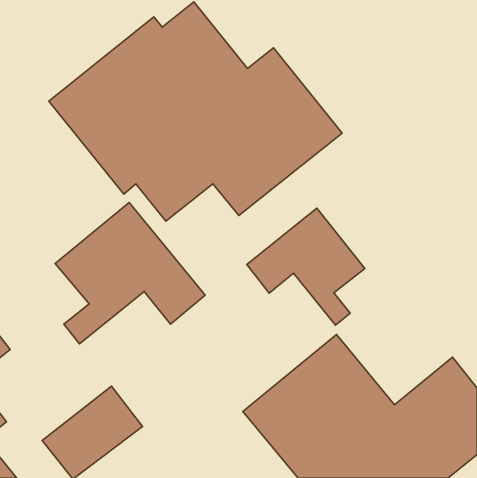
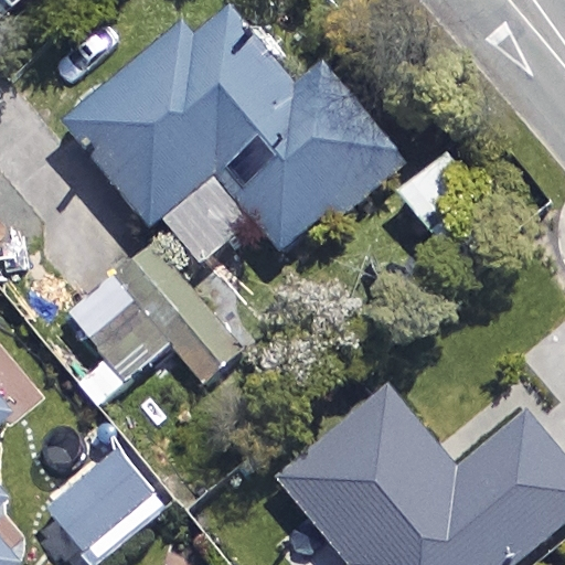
building: [247,208,365,325] -> none

